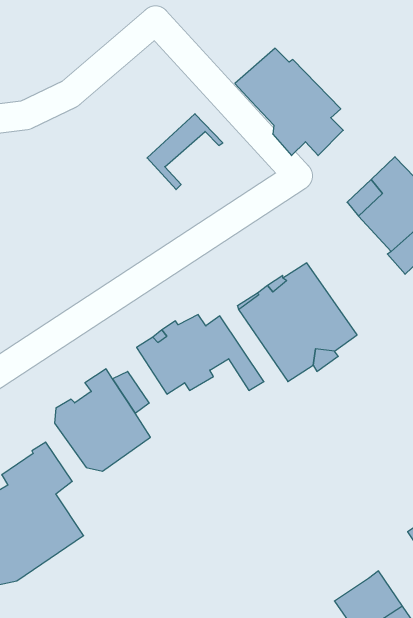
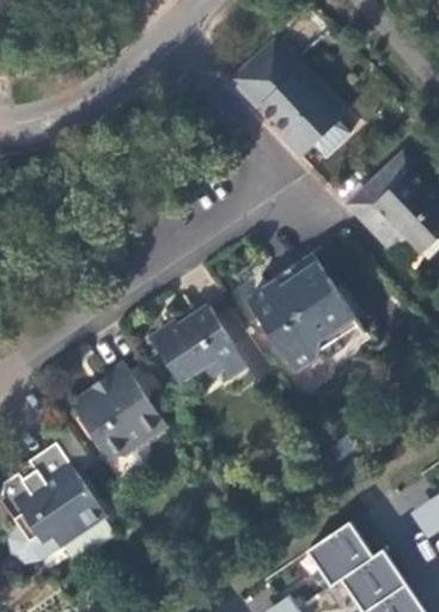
building: [147,114,223,190] -> [228,38,300,110]
building: none -> [306,521,372,585]

